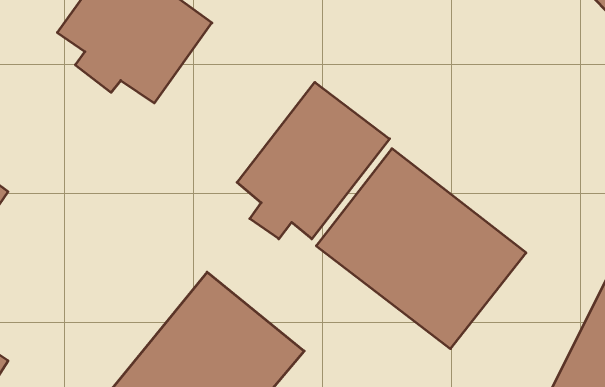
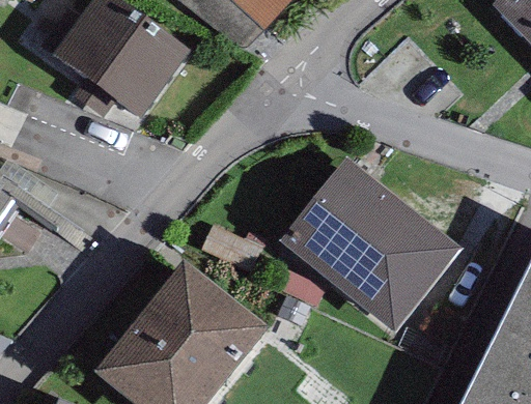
building: [237,82,390,239] -> none

